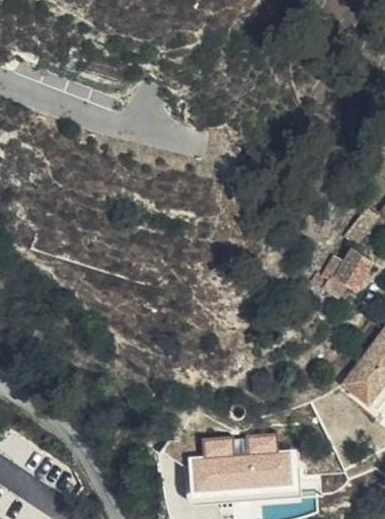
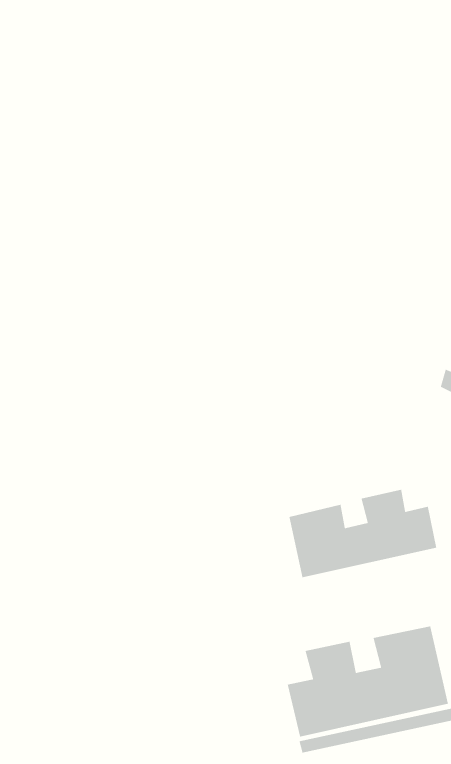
building: none -> [289,489,437,578]

